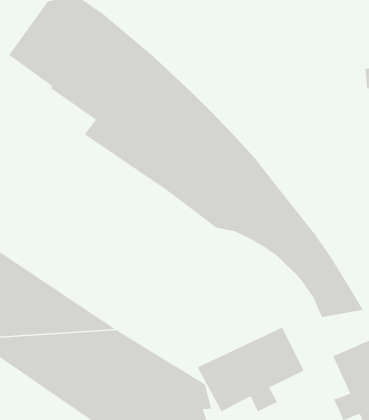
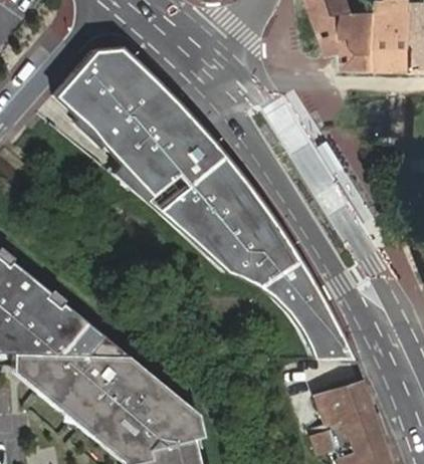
building: [197,327,305,413] -> none

